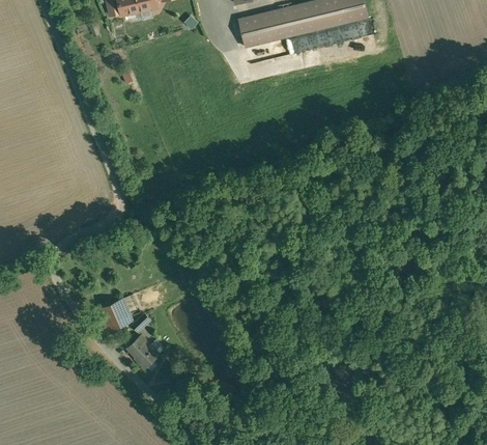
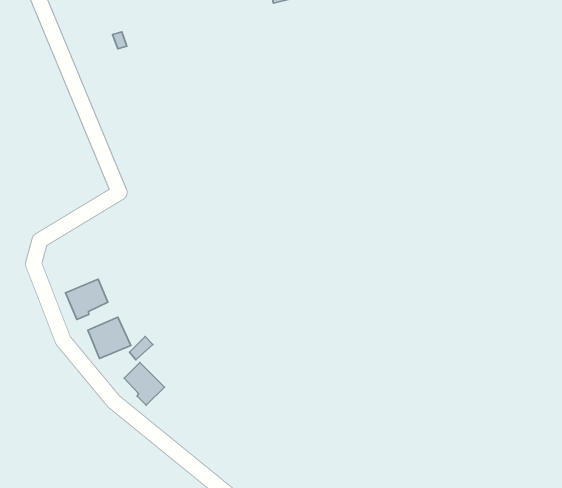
building: none -> [66,279,108,320]

